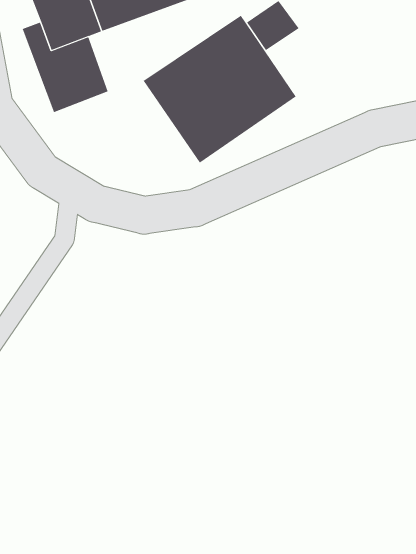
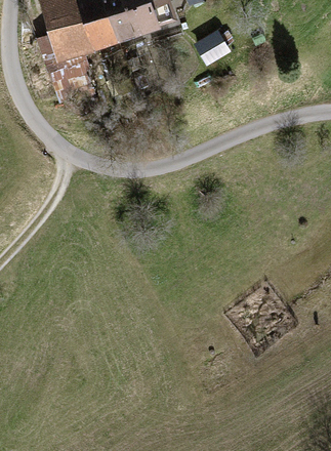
building: [143,15,296,164] -> none

